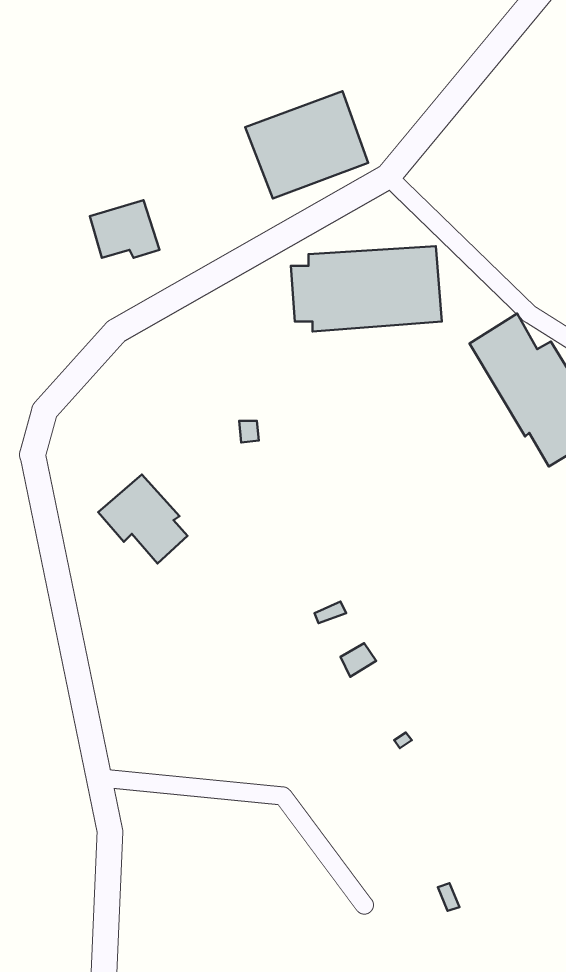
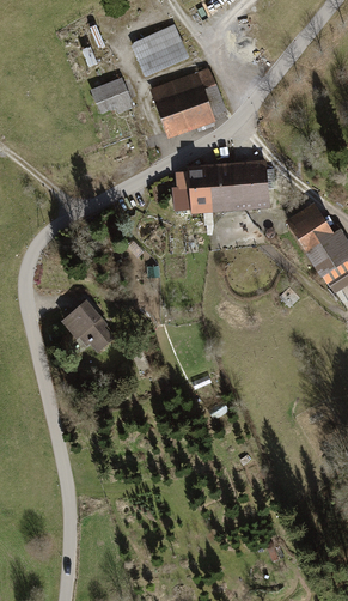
building: none -> [132,26,187,72]
building: [90,200,159,258] -> [92,75,134,110]

